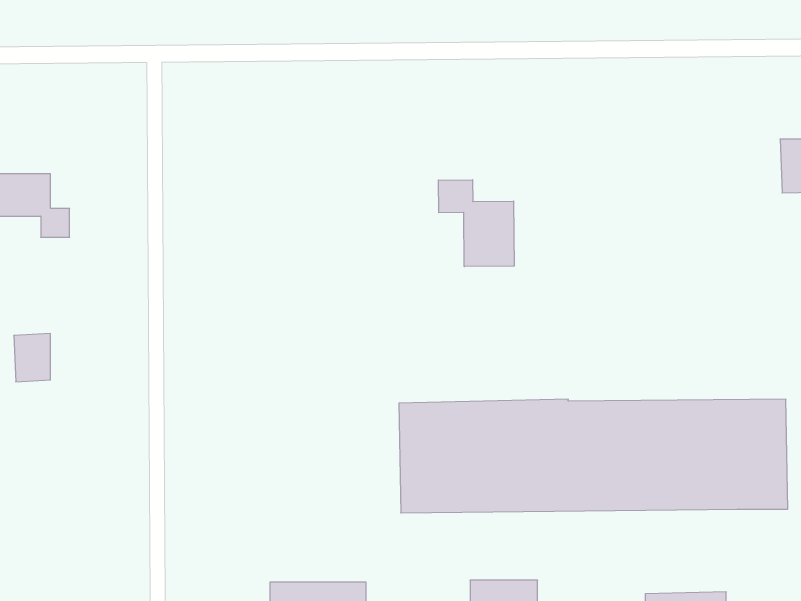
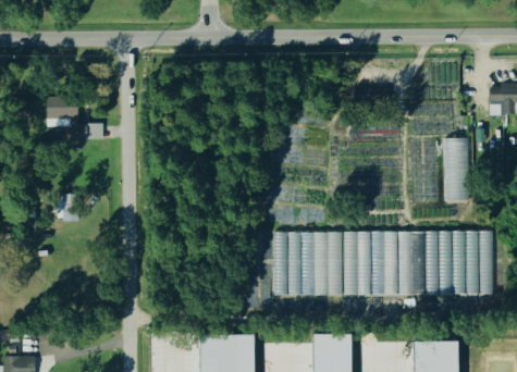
building: [438,180,514,267] -> none
building: none -> [444,140,468,200]

